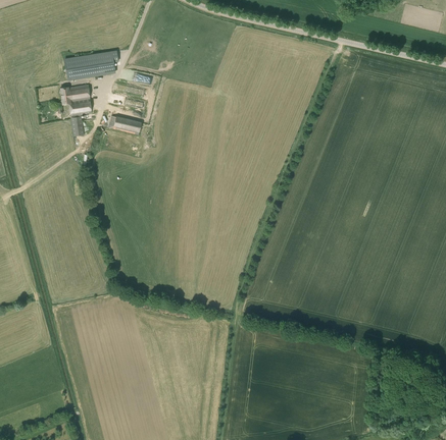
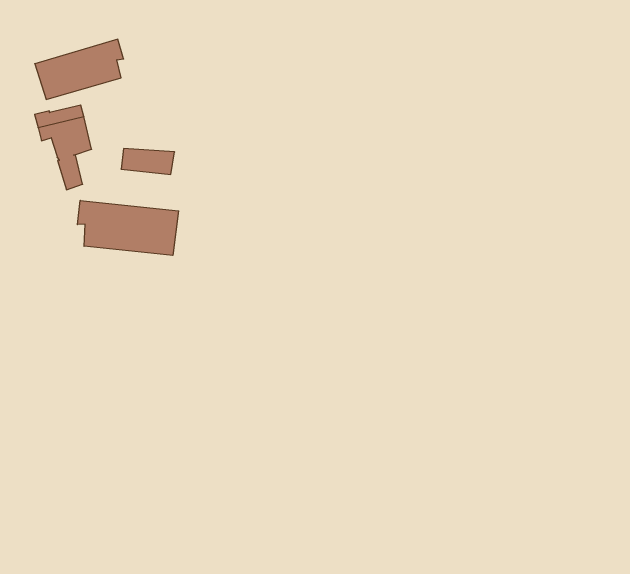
building: none -> [77,200,179,255]

